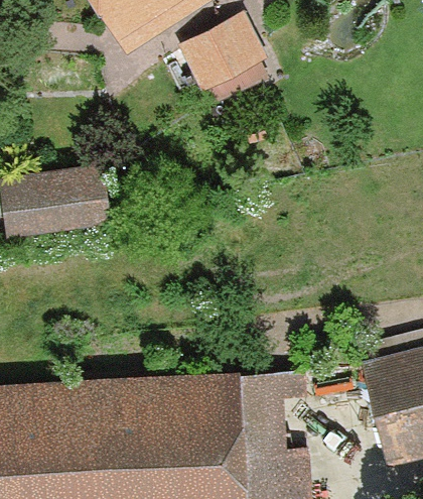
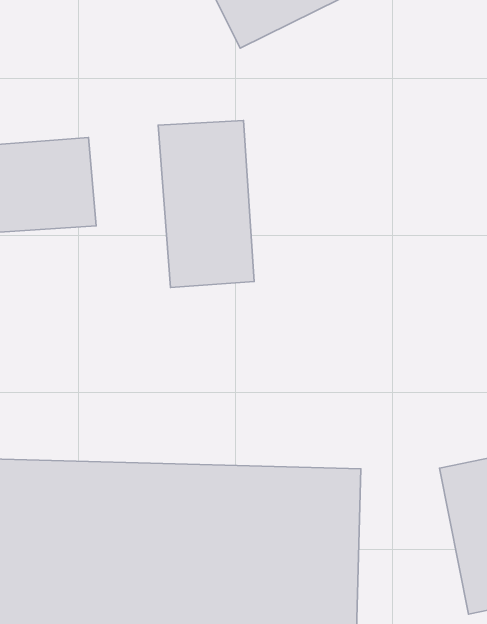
building: none -> [158,121,254,288]

